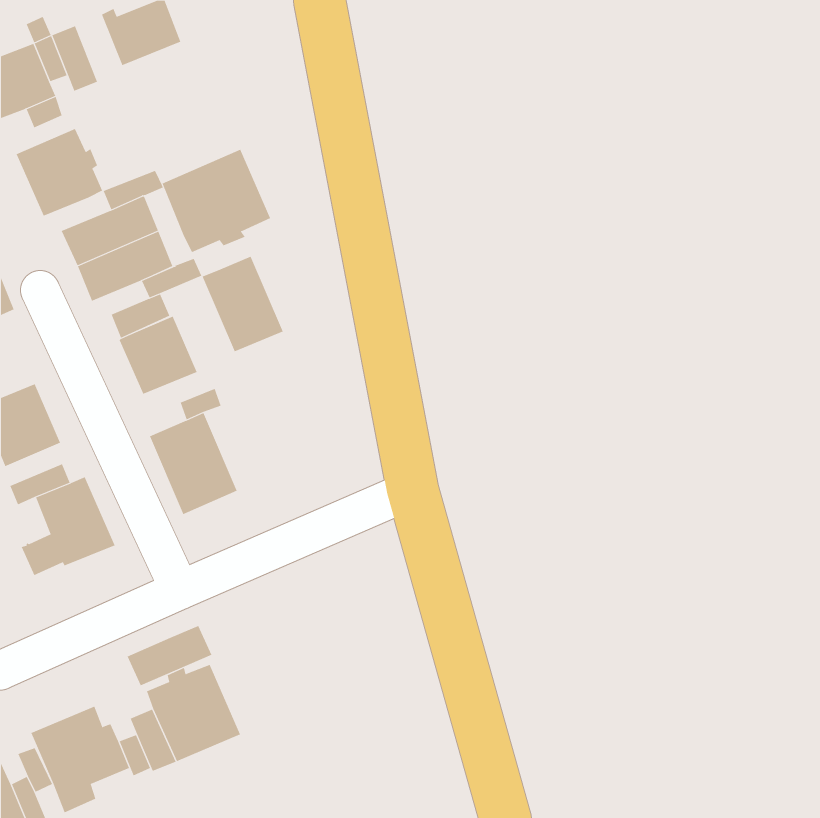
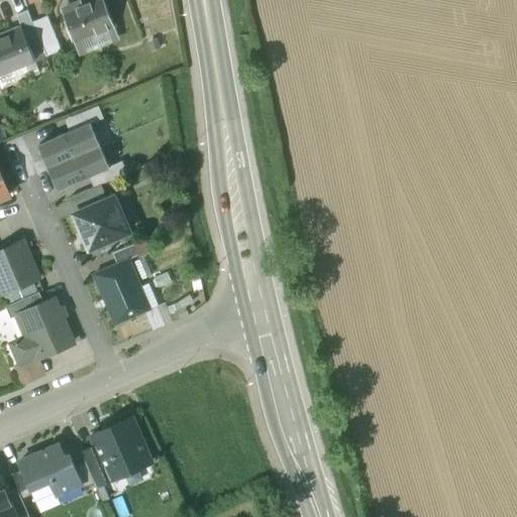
building: [16,128,103,216] -> none
building: [162,149,271,253] -> none
building: [202,256,283,352] -> none
building: [127,625,212,686] -> none

